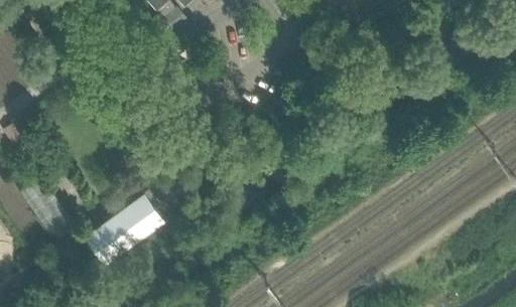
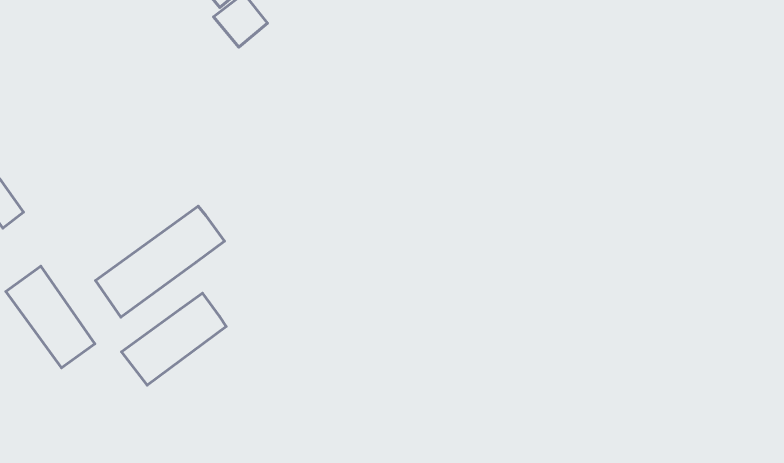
building: none -> [95,206,224,317]

